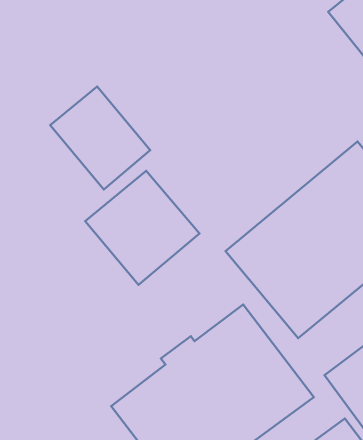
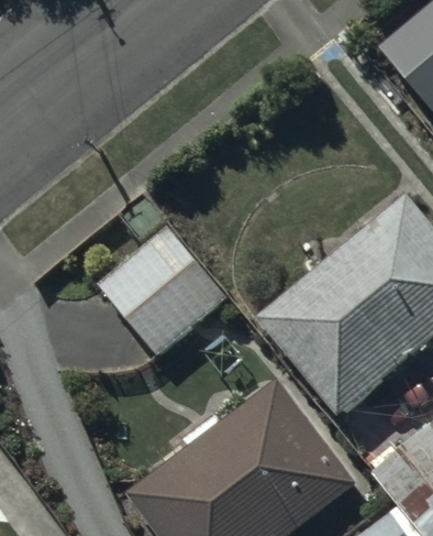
building: [50,86,150,189] -> none

